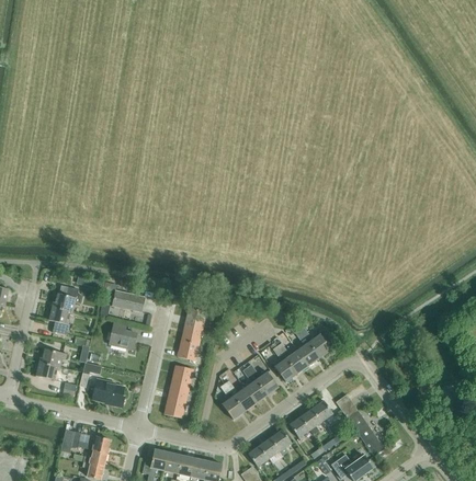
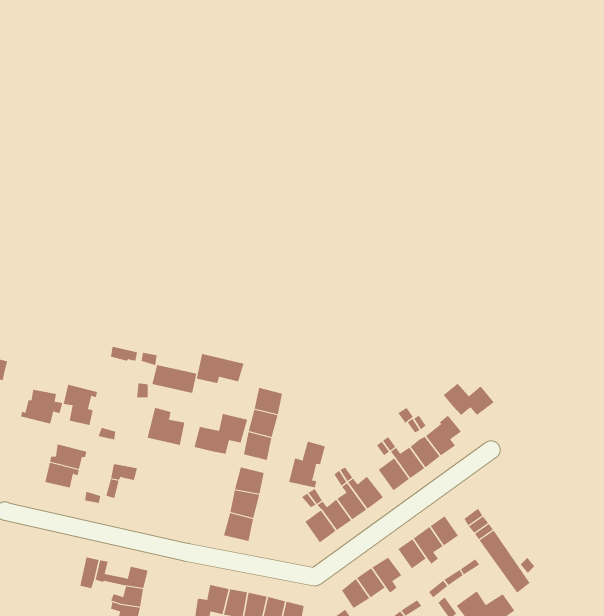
building: none -> [196,353,244,384]
building: [52,286,82,311] -> [20,389,63,424]
building: none -> [443,383,494,417]
building: none -> [194,413,248,454]
building: none -> [288,441,326,488]
building: [94,381,124,406] -> none

